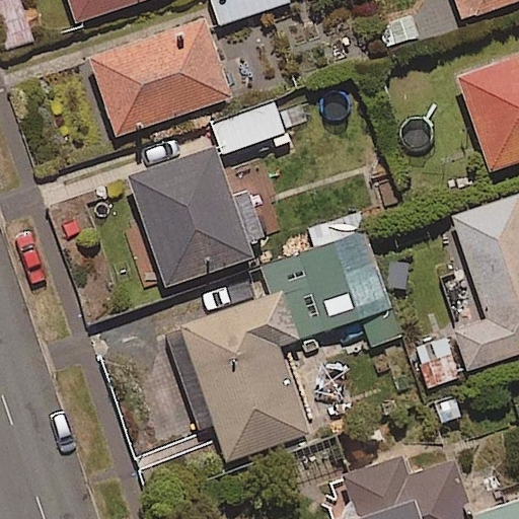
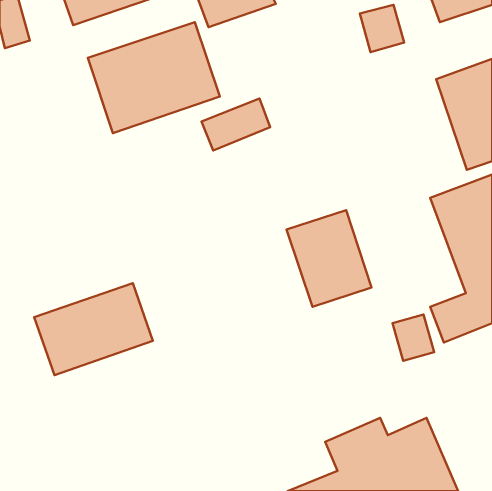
building: [130,153,263,288] -> none
building: [162,280,307,452] -> none
building: none -> [34,283,153,375]

